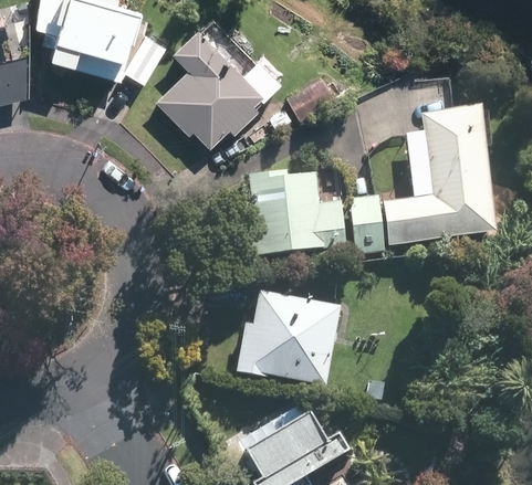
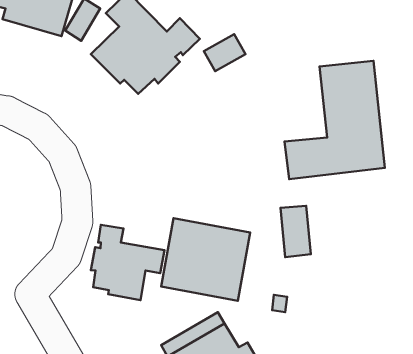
building: [249,171,346,257] -> none
building: [348,196,384,255] -> [281,206,311,257]
building: none -> [91,225,165,300]

